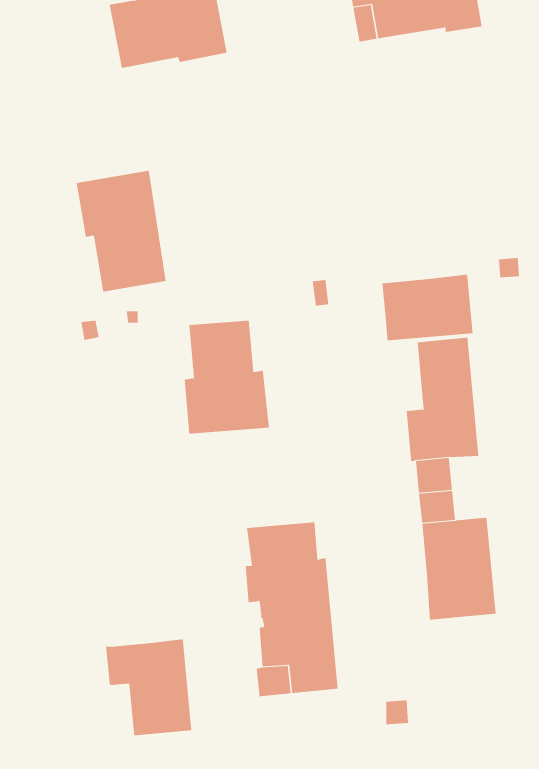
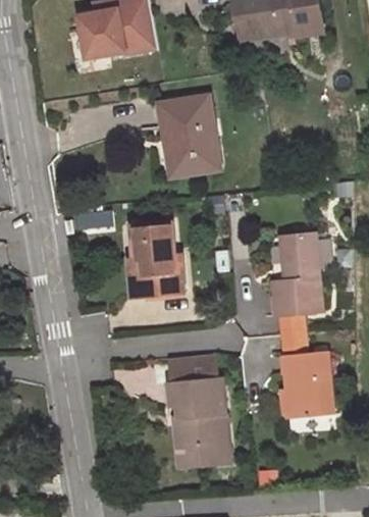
building: [76,170,167,292] -> [158,96,217,175]
building: [382,274,473,341] -> none
building: [106,638,192,736] -> none

